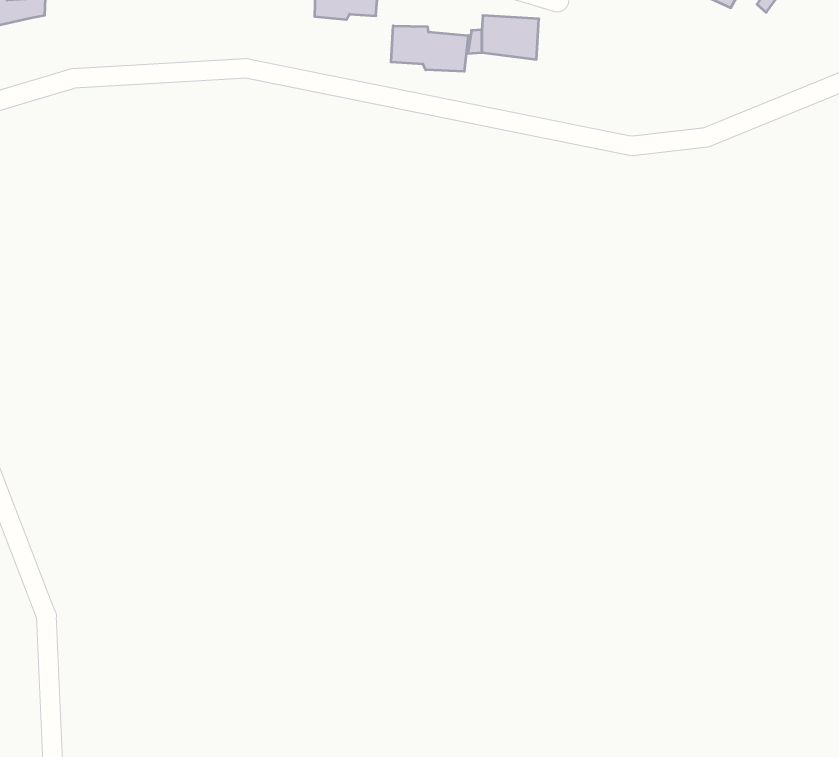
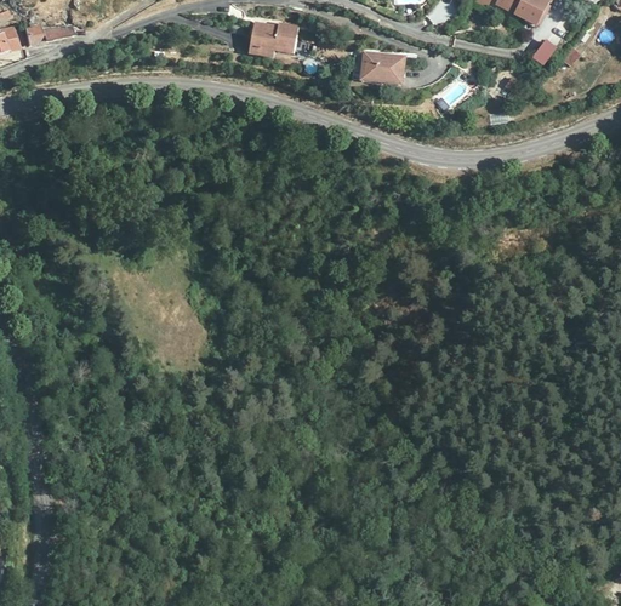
building: [391,26,468,71] -> none

